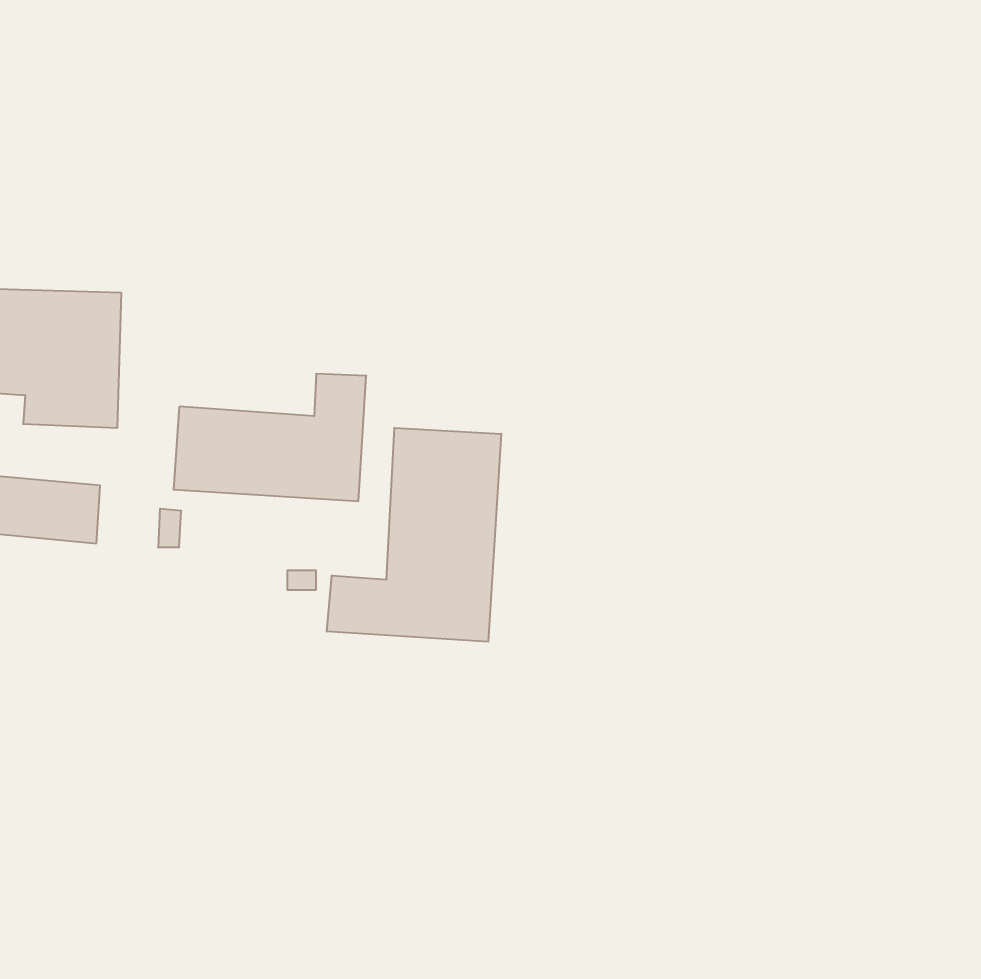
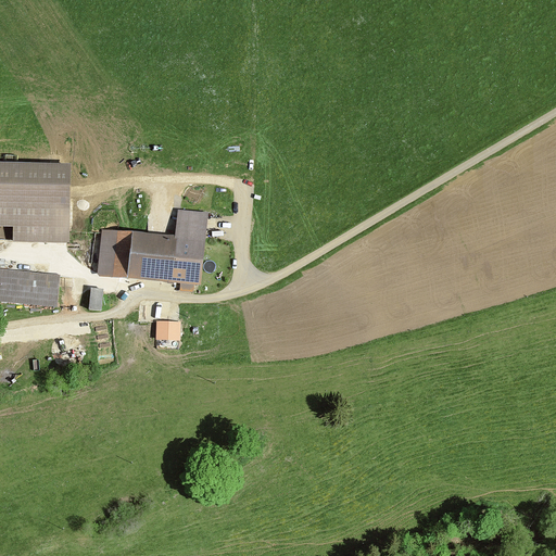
building: [327,428,501,642] -> none

